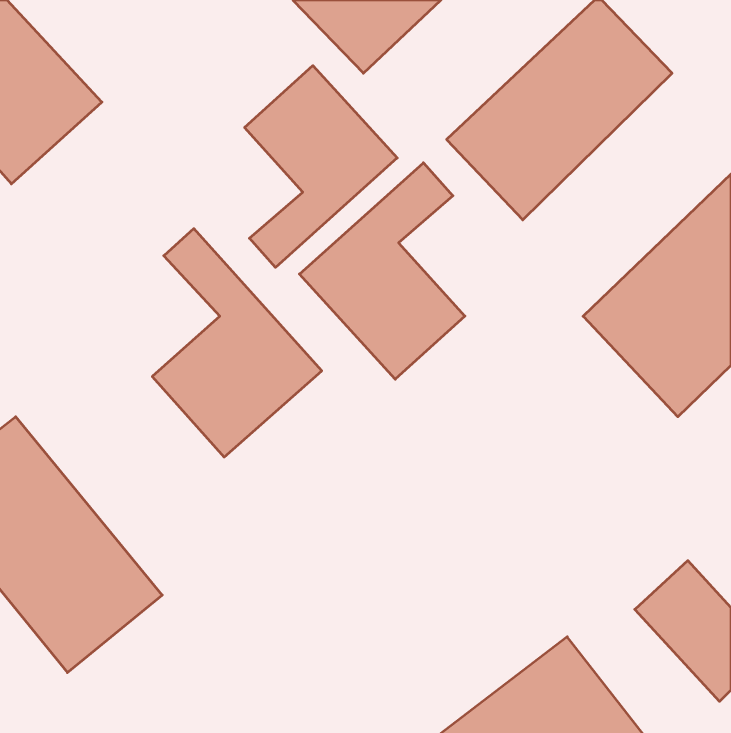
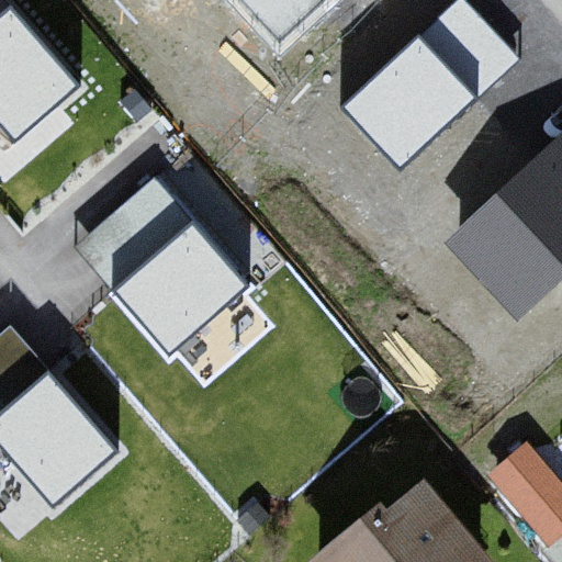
building: [245,66,397,267] -> none
building: [299,163,465,379] -> none

